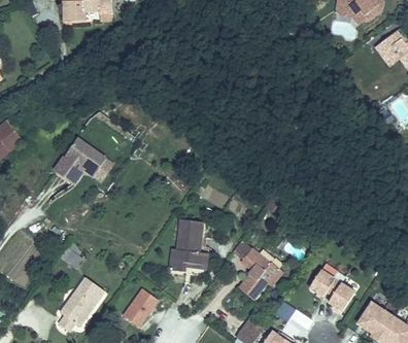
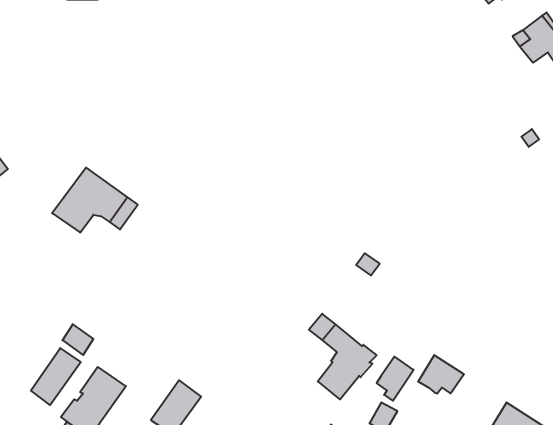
building: [171,219,208,275] -> none
building: none -> [31,348,81,405]
building: [330,282,355,313] -> [377,357,414,401]

